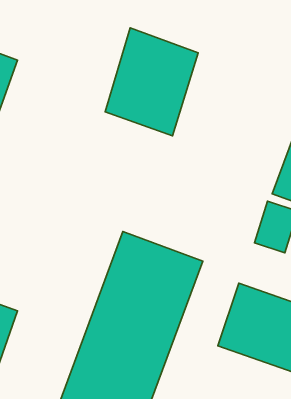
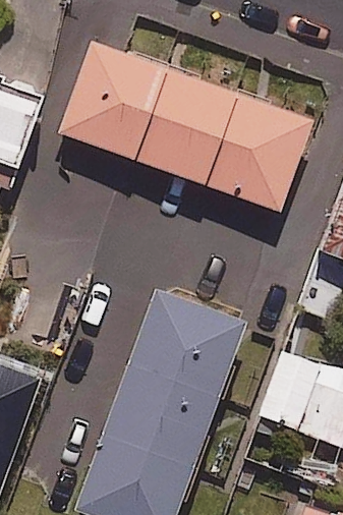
building: none -> [60,42,164,160]
building: none -> [211,95,311,211]

